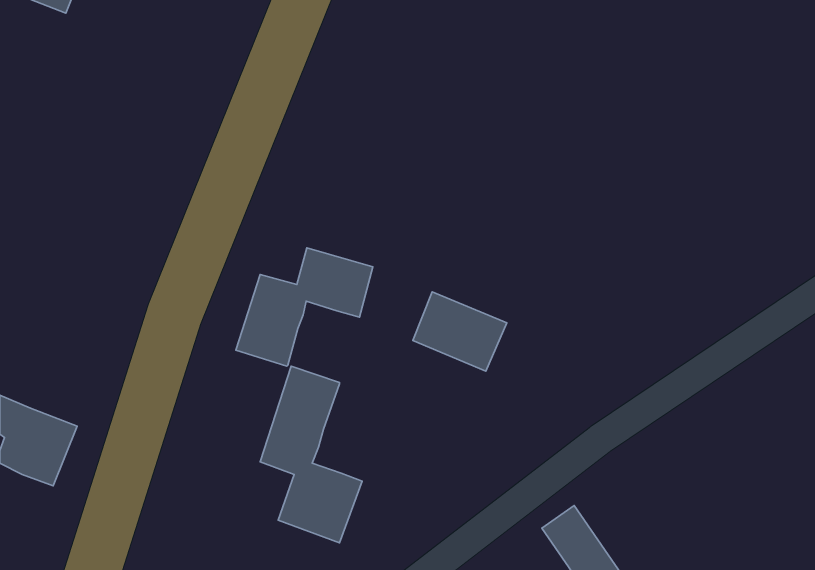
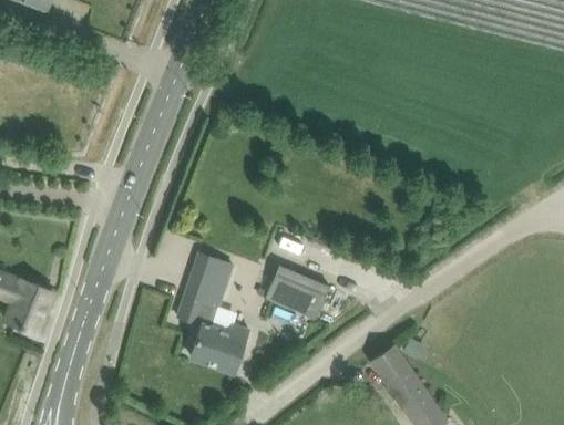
building: [236,248,373,366] -> none
building: [413,292,507,371] -> [265,266,329,320]

